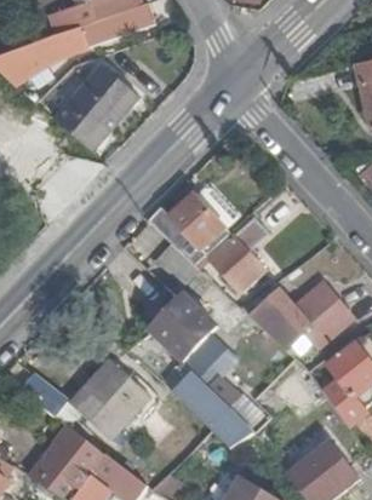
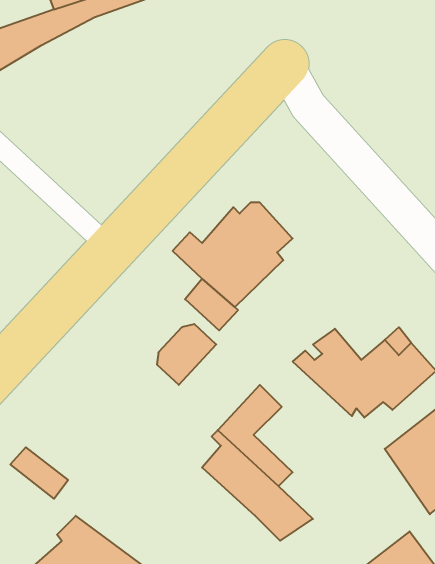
building: [56,67,137,151] -> none
building: [207,218,265,293] -> none
building: [149,294,216,362] -> none
building: [71,361,149,439] -> none

